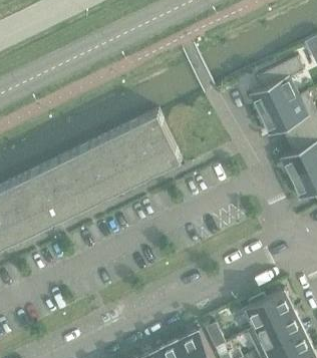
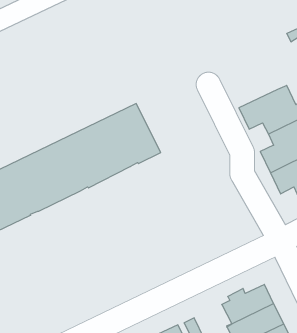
building: [249,58,305,116] -> none

